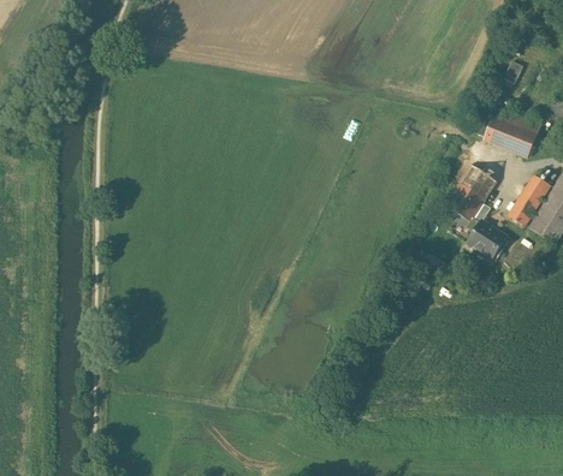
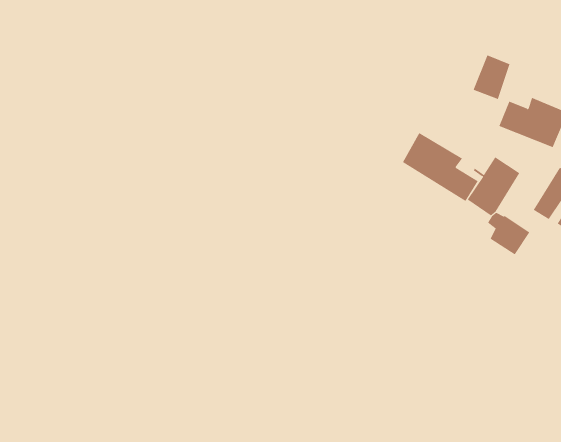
building: none -> [473,55,510,100]
building: none -> [402,132,479,202]

